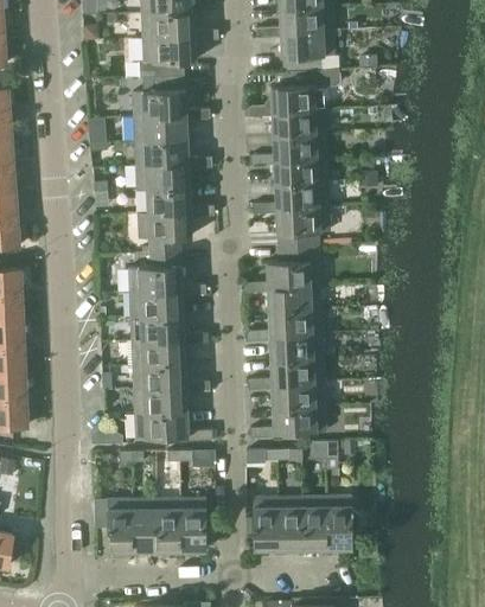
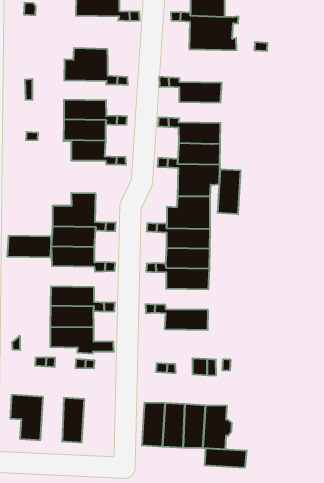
building: [139,37,194,78] -> none
building: [272,69,338,111] -> none
building: [133,115,185,141] -> none
building: [273,133,324,160] -> none
building: [138,211,190,253] -> none
building: none -> [218,169,241,214]
building: [132,339,184,366] -> [7,236,51,257]
building: [270,358,323,385] -> none
building: [249,407,325,440] -> none
building: [132,499,157,551] -> none
building: [180,499,205,551] -> none
building: none -> [205,448,247,468]

